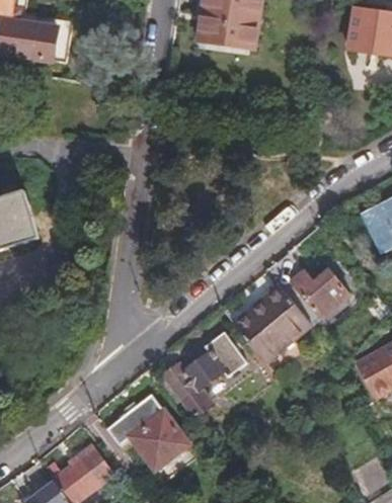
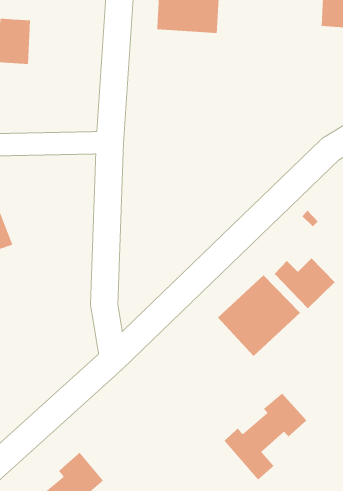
building: [163,330,245,413] -> [224,393,307,481]
building: [104,397,187,470] -> none

